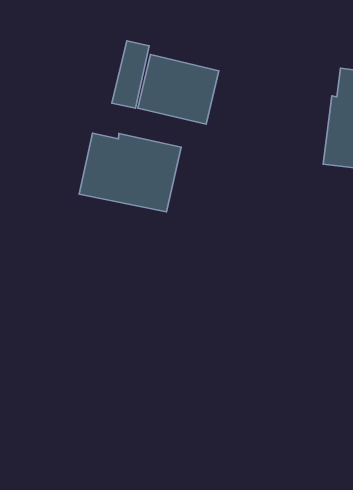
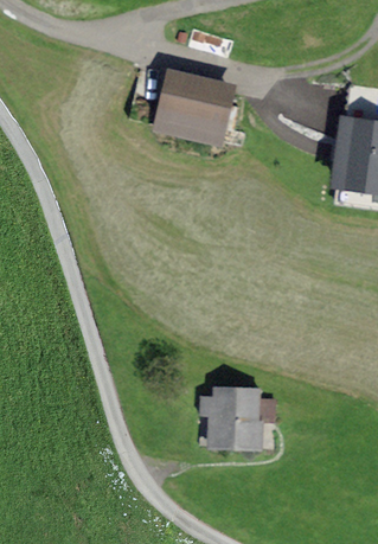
building: [79,133,181,212] -> none
building: none -> [203,395,274,454]

